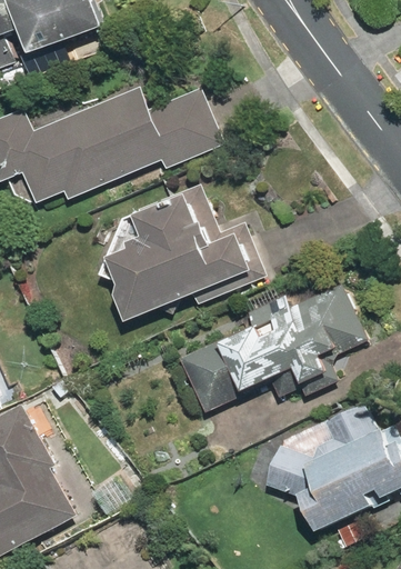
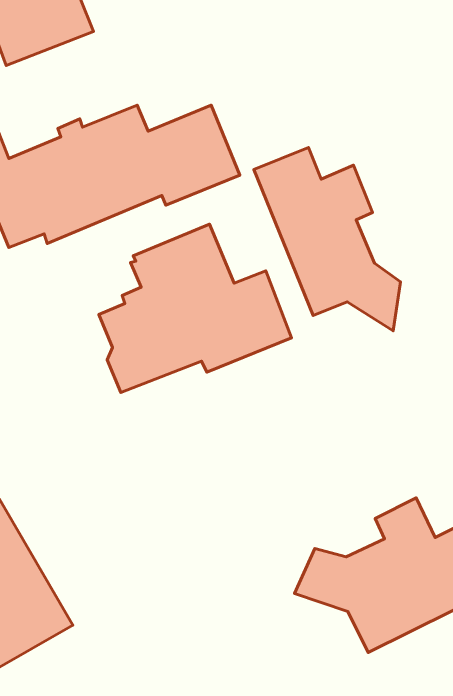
building: none -> [254,148,401,331]
building: [178,284,363,412] -> none

